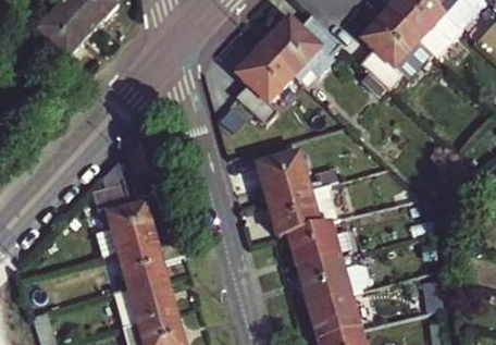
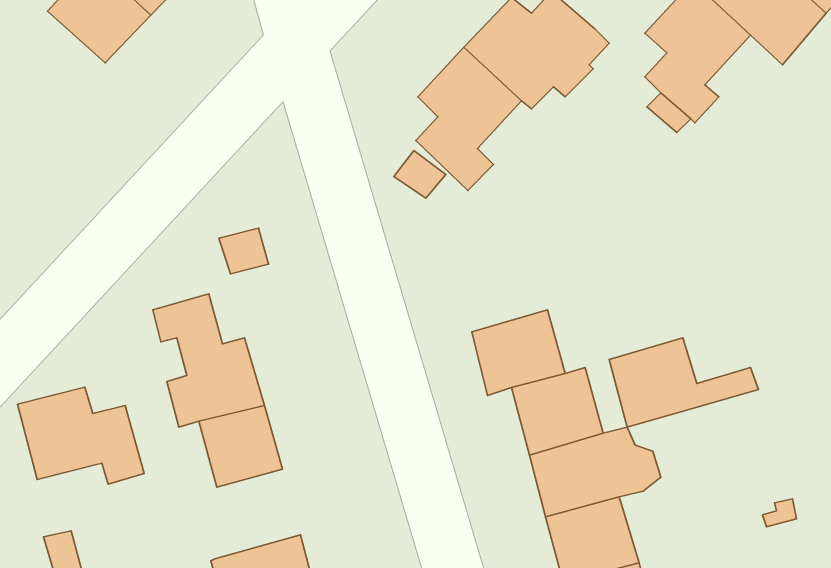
building: [258,151,339,200] -> [609,338,759,427]
building: none -> [17,387,144,484]
building: [117,275,174,324] -> none

